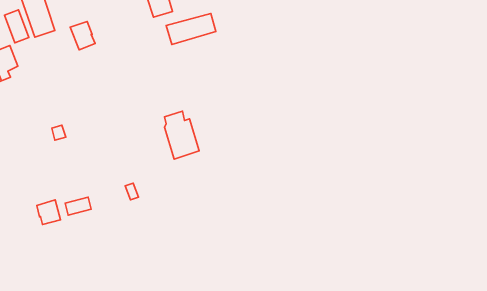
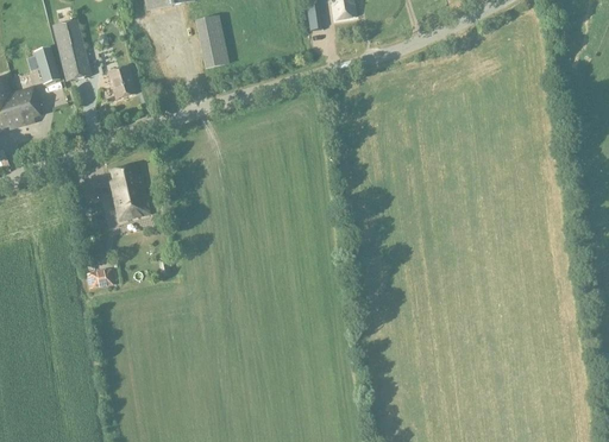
building: [166,14,216,44] -> none
building: [164,111,199,159] -> [111,164,149,219]
building: [37,200,60,224] -> none

